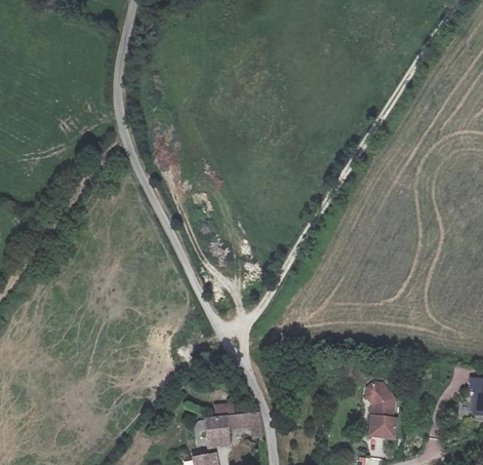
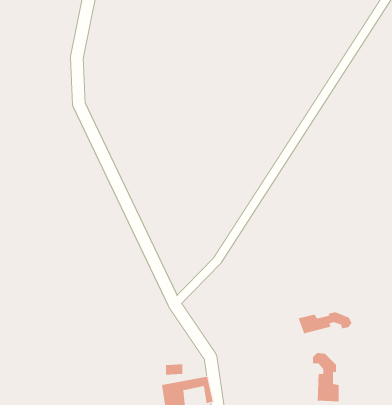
building: none -> [298,311,352,334]

